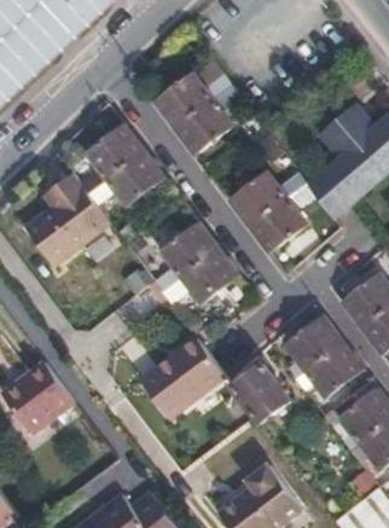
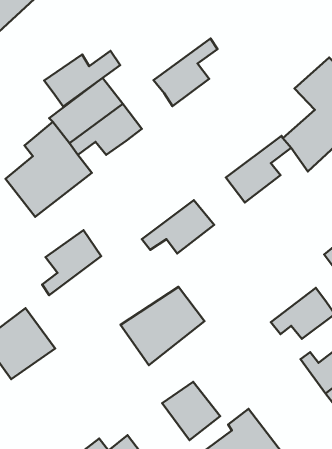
building: [155,70,232,127] -> [44,51,120,107]
building: [228,173,304,226] -> none
building: [155,222,215,289] -> [42,230,101,295]
building: [286,315,339,373] -> none
building: [234,362,294,422] -> [162,382,220,440]

